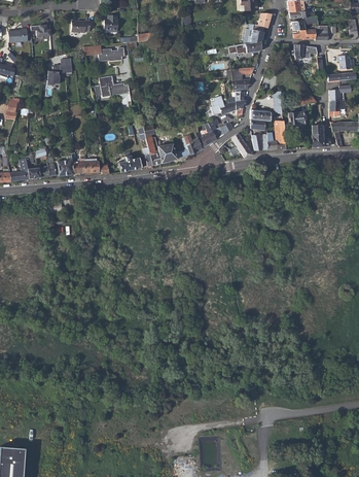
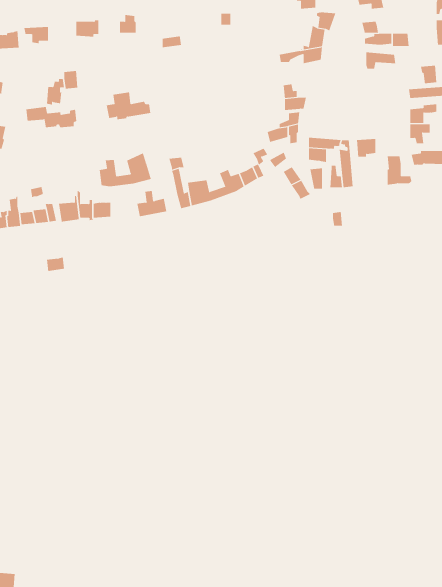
building: [84,44,124,61] -> [25,106,77,128]
building: none -> [99,153,151,187]

